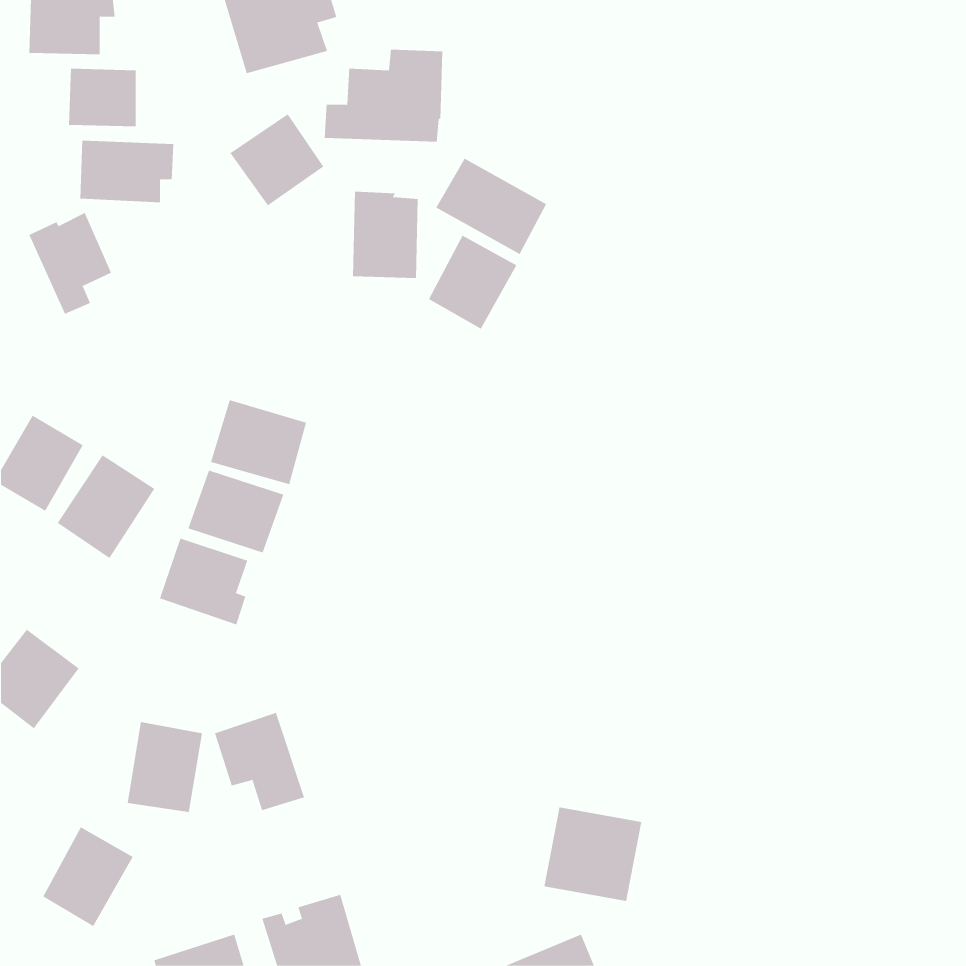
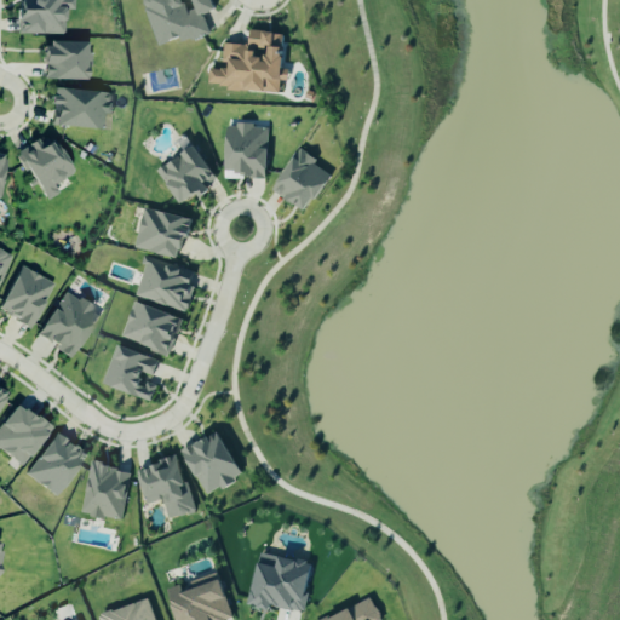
building: [230,113,324,206] -> [157,144,218,203]
building: [436,158,547,255] -> none
building: none -> [137,207,191,257]
building: none -> [183,430,243,494]
building: [544,807,642,902] -> [251,552,314,613]
building: [42,827,133,927] -> [28,432,86,496]

